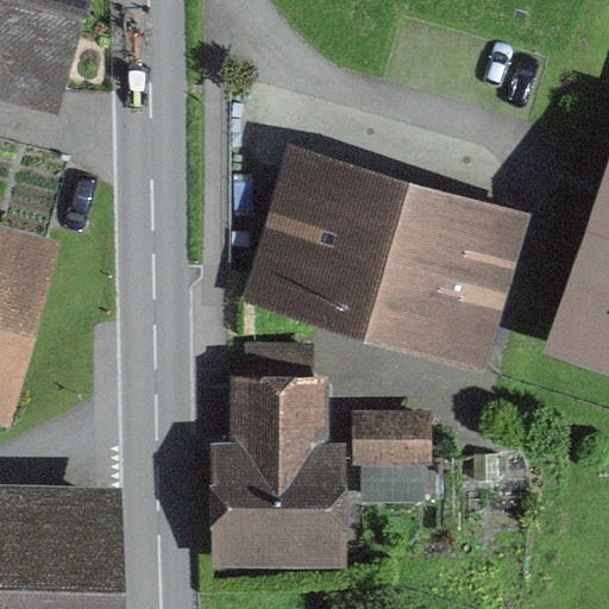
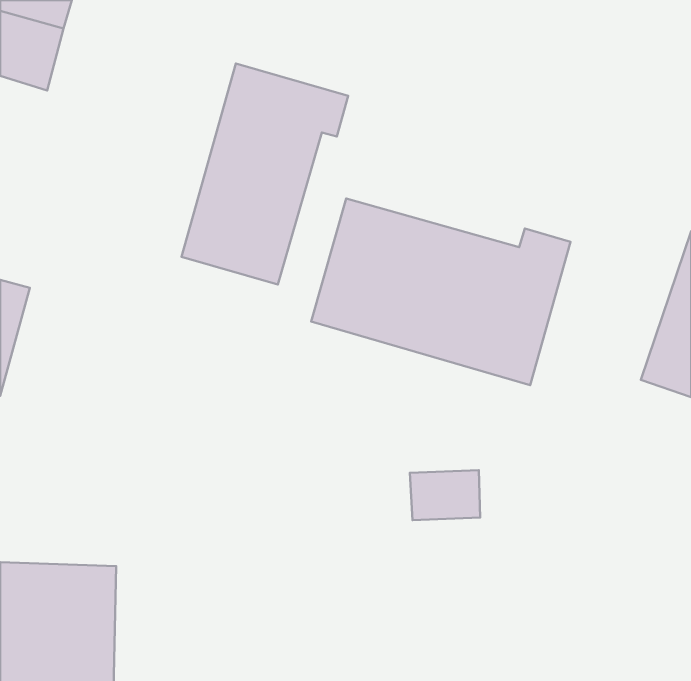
building: none -> [182,64,348,284]
building: [226,356,329,554] -> none

